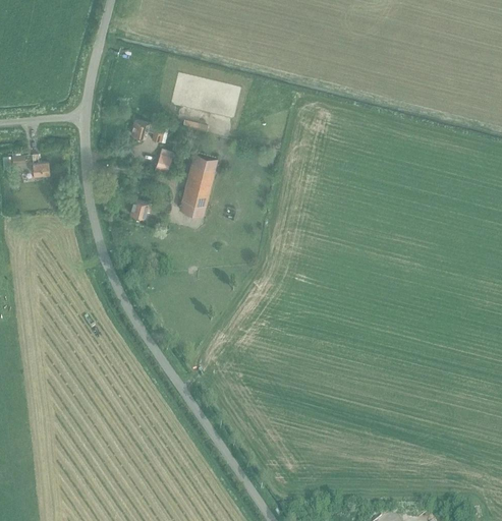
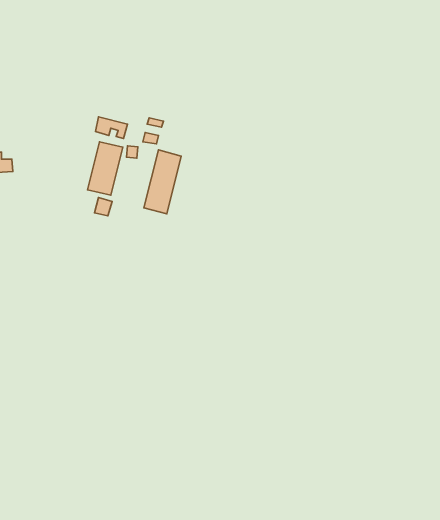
building: none -> [88,142,123,195]

